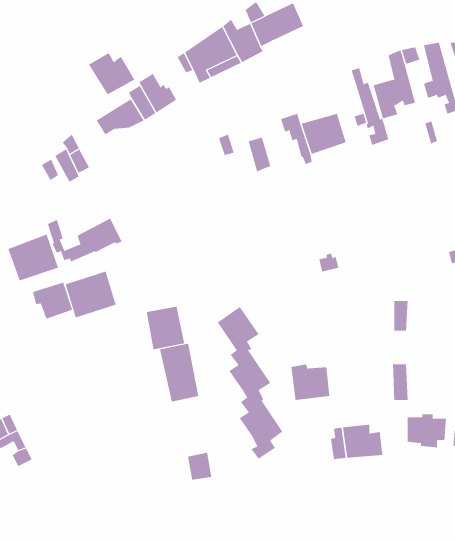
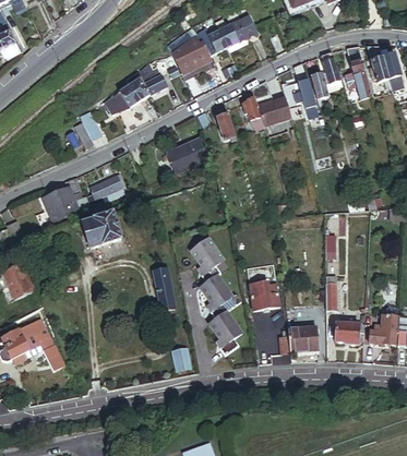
building: [88,52,135,95] -> none
building: none -> [165,135,205,166]
building: [33,282,73,319] -> none
building: [146,306,185,350] -> none

